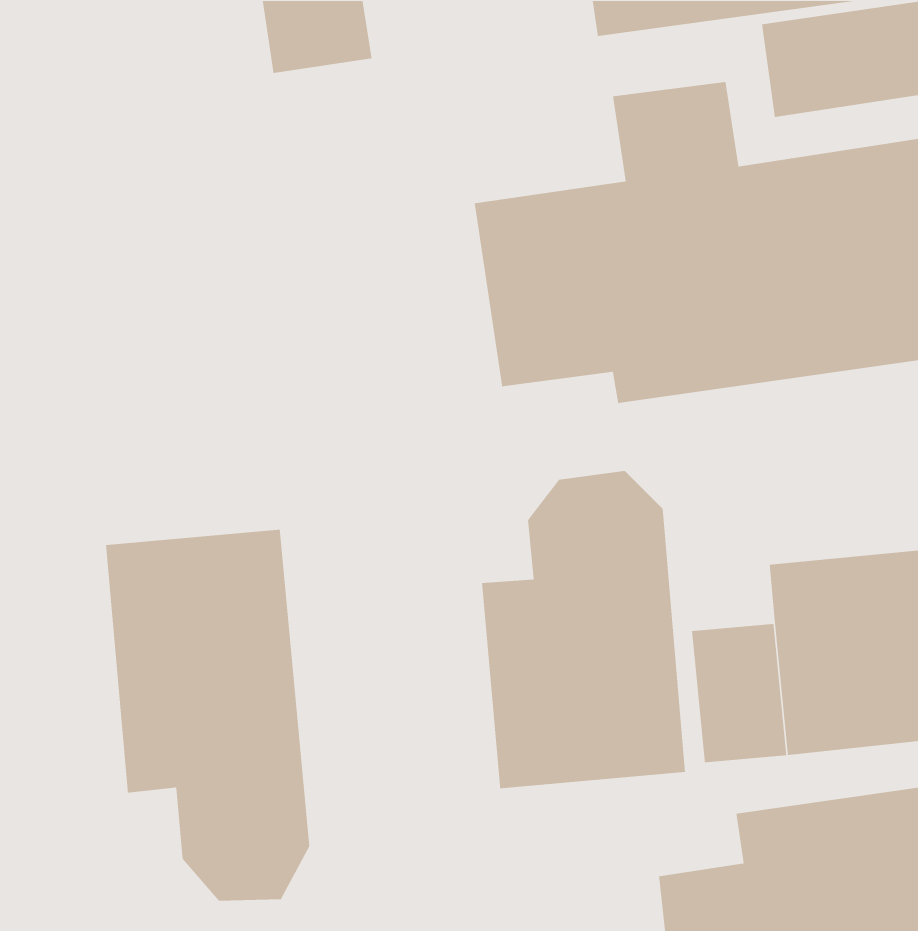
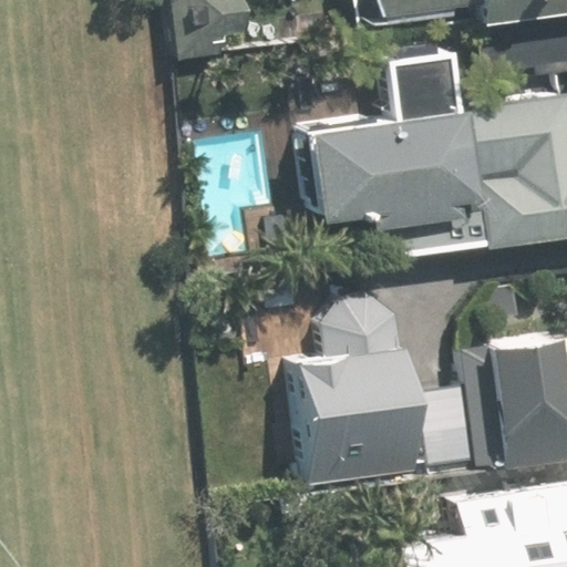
building: [105,529,310,902] -> none

